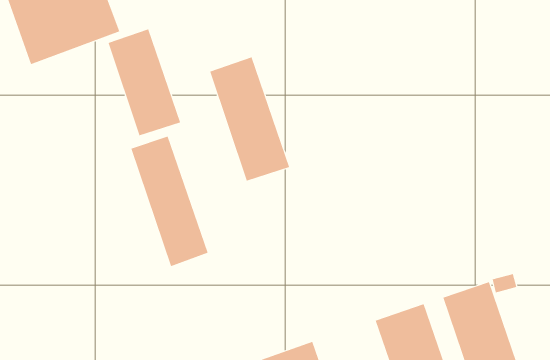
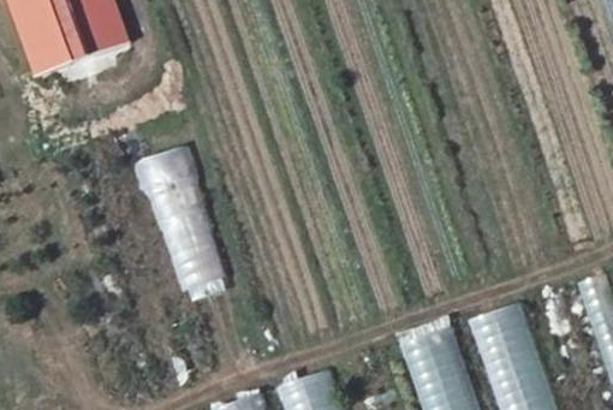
building: [108,28,181,136] -> none
building: [209,57,290,181] -> none

